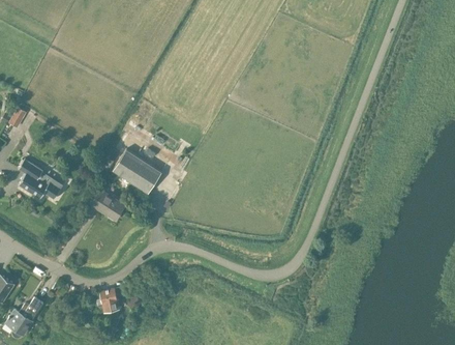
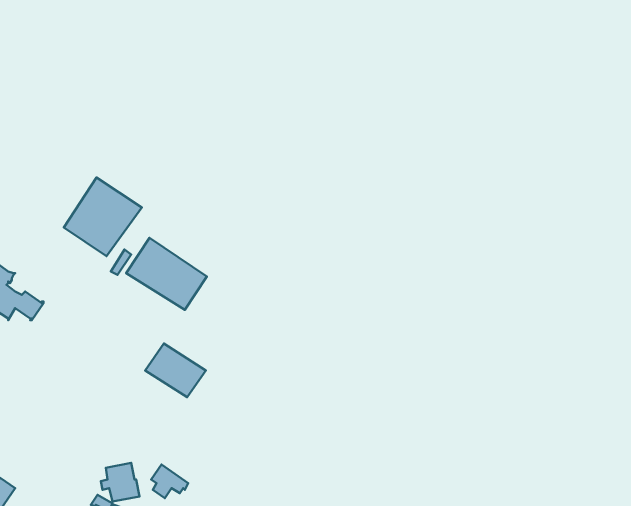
building: none -> [64,177,142,256]
building: [89,188,126,221] -> [145,343,206,397]

